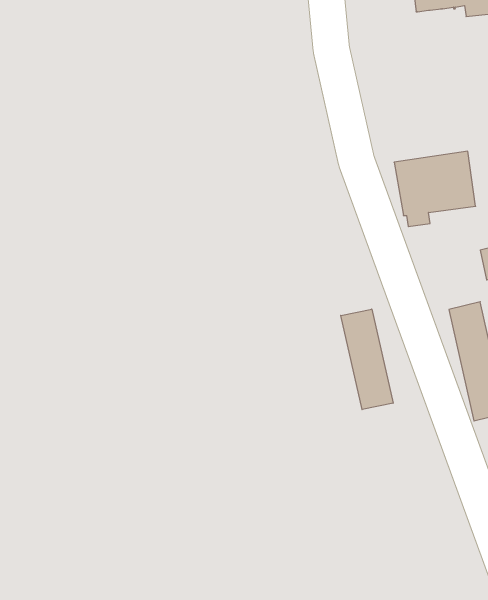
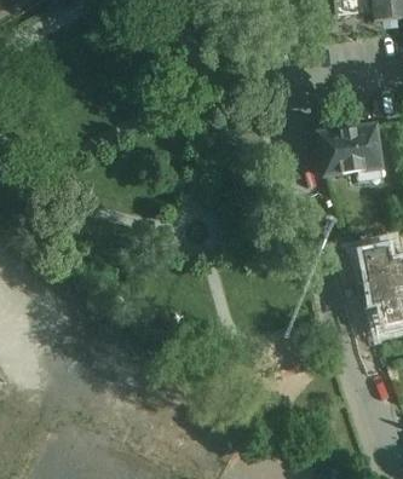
building: [341,309,393,410] -> none

